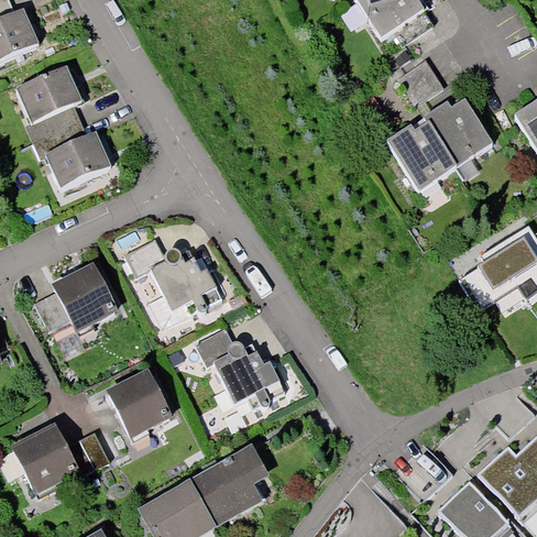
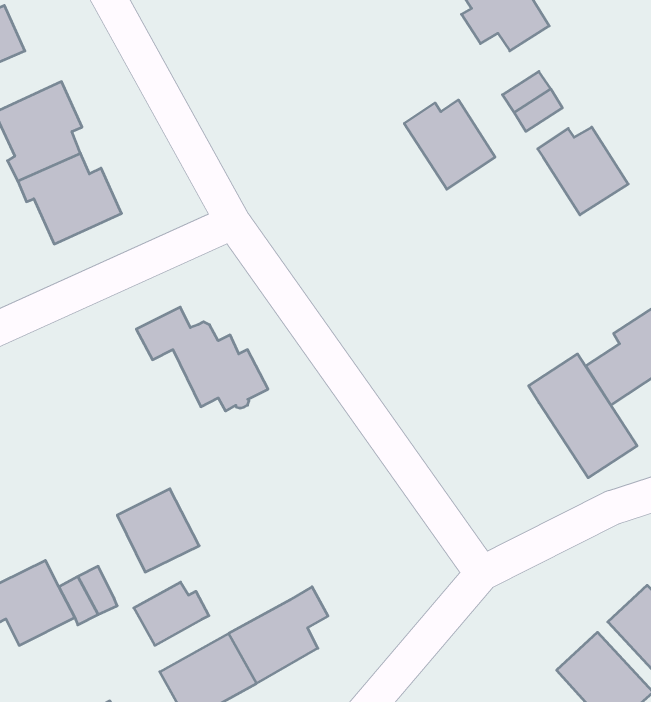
building: [387,124,456,191] -> [404,100,495,189]
building: [33,267,114,329] -> none
building: none -> [529,354,637,478]
building: [194,327,284,408] -> none
building: none -> [134,582,209,645]

